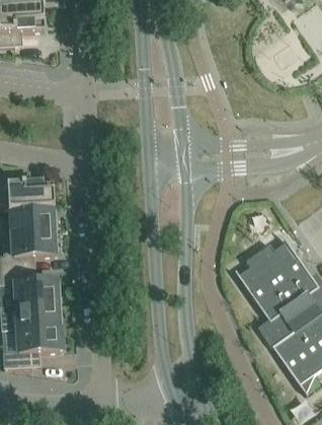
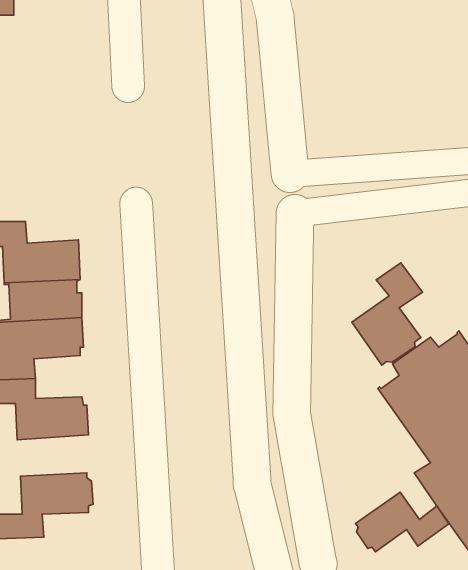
building: none -> [352,263,422,365]
building: [16,303,61,329] -> none
building: none -> [355,492,449,552]

